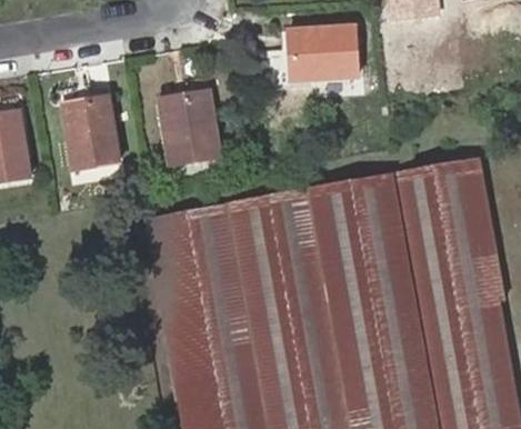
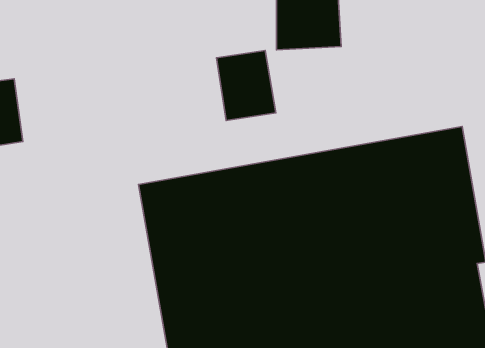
building: [159,89,220,161] -> [216,50,276,121]
building: [63,94,118,166] -> none

